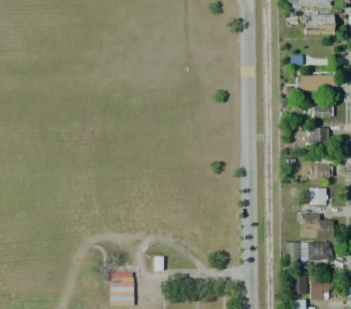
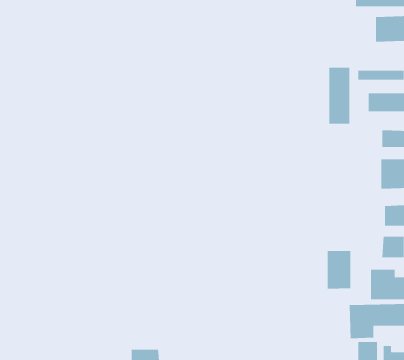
building: none -> [329,67,350,125]
building: none -> [327,250,351,290]

